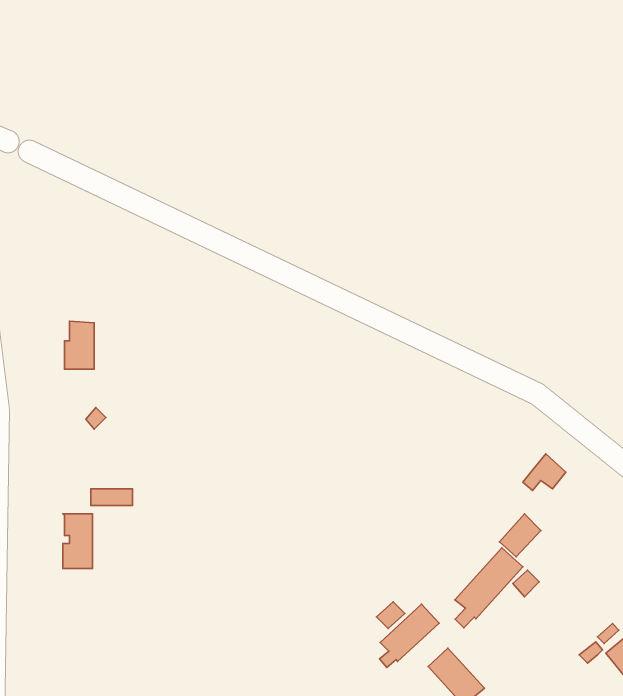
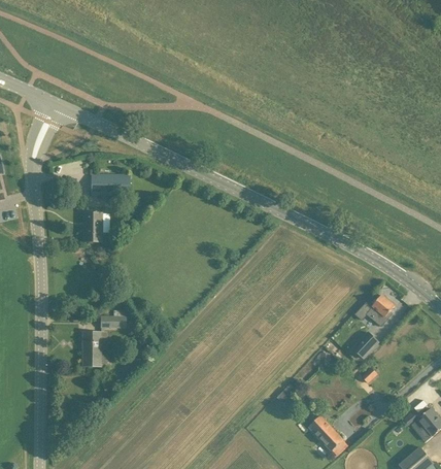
building: none -> [91,174,130,195]
building: [455,548,523,628] -> none
building: [380,604,439,668] -> none

